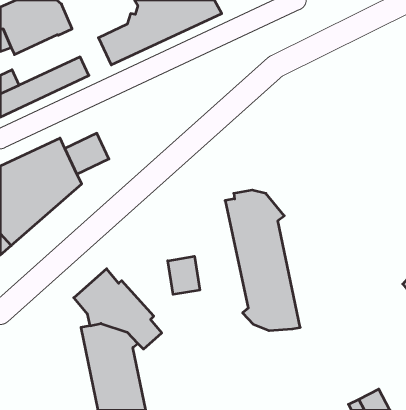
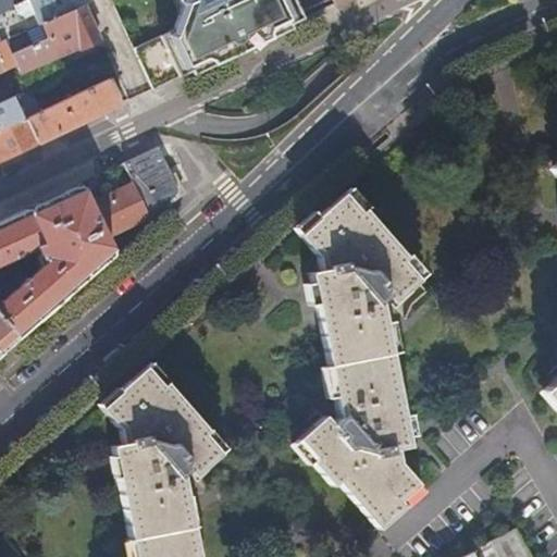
building: none -> [127,146,187,215]
building: none -> [304,191,422,300]
building: [168,256,200,294] -> none
building: none -> [301,417,421,528]

